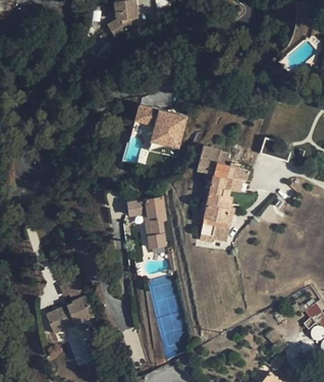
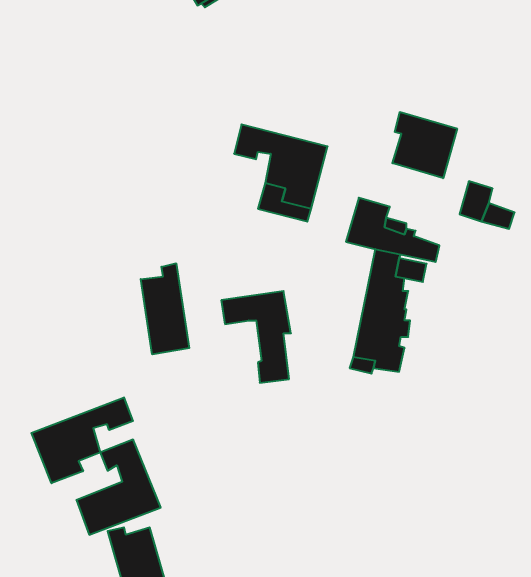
building: none -> [392,112,457,178]
building: none -> [141,263,189,354]
building: none -> [31,397,133,483]

